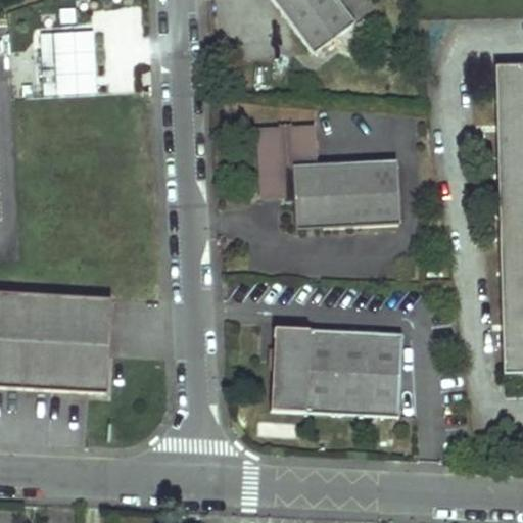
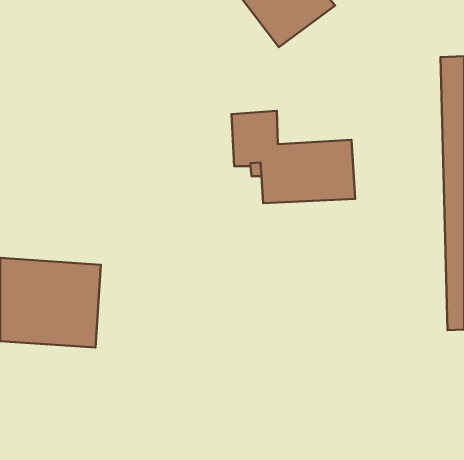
building: [38,30,93,92] -> none
building: [271,326,403,416] -> none

